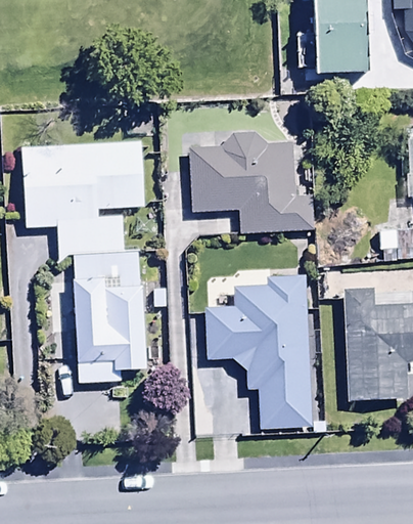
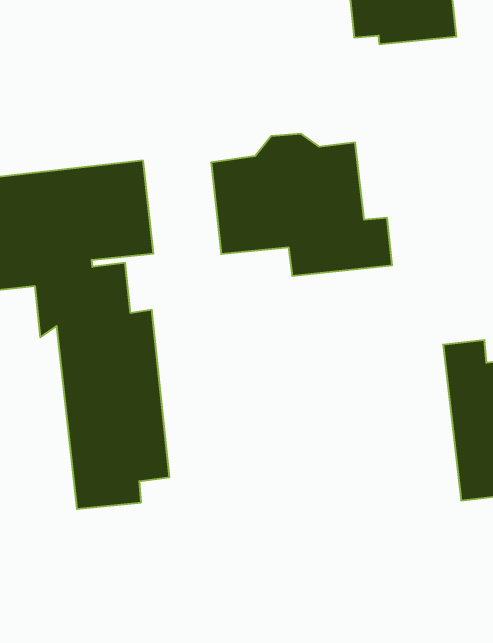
building: [206,273,310,427] -> none

